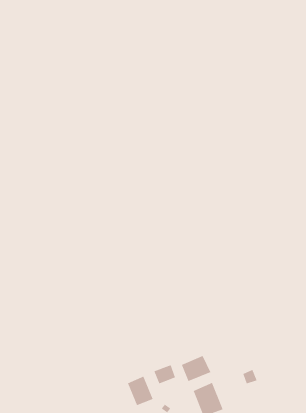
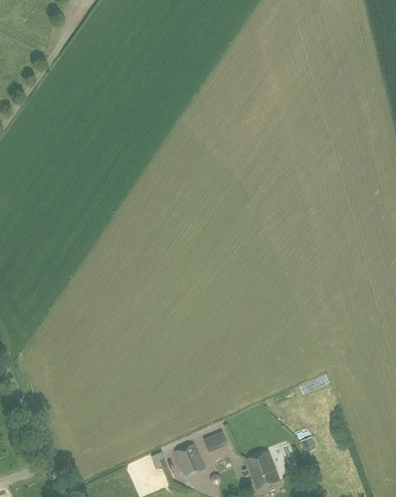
building: [181,355,211,382] -> none

